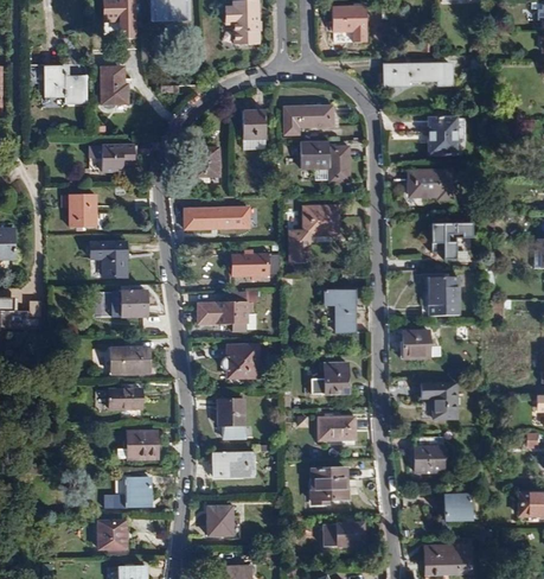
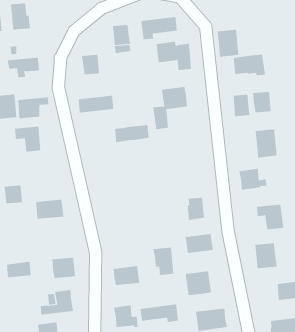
building: [428,117,456,154] -> [217,29,239,57]
building: none -> [18,97,49,119]
building: none -> [233,94,250,117]
building: [324,289,354,332] -> none
building: [121,291,146,316] -> [4,185,23,204]
building: [197,291,248,331] -> none
building: [220,344,257,376] -> none
building: [108,388,142,408] -> [6,261,31,278]
building: [217,399,244,437] -> [153,247,174,275]
building: none -> [140,304,178,323]

